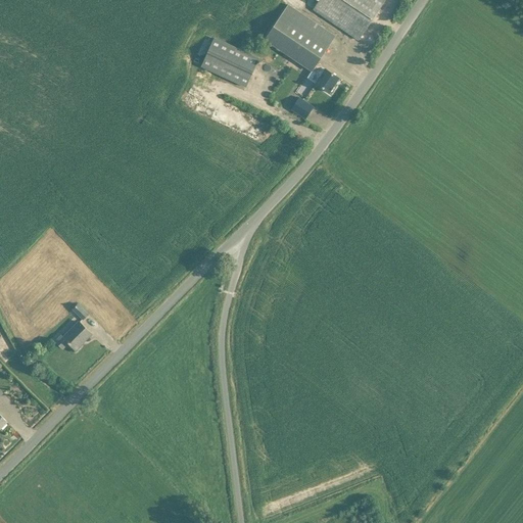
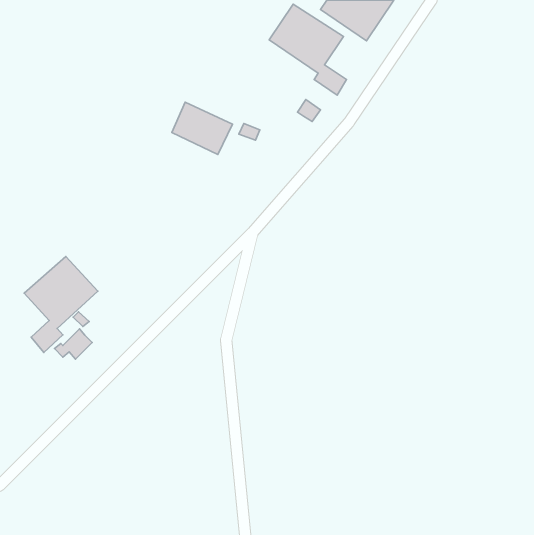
building: [200,37,259,88] -> [172,102,232,155]
building: none -> [24,256,98,352]

